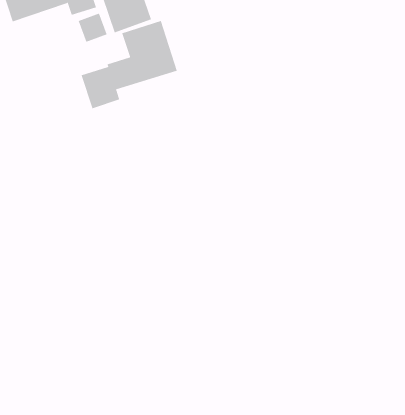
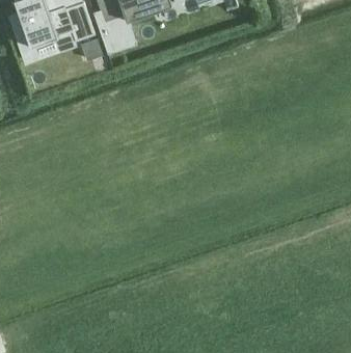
building: [81,20,177,109] -> none

